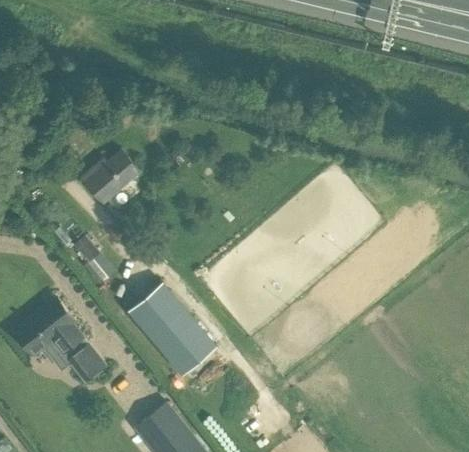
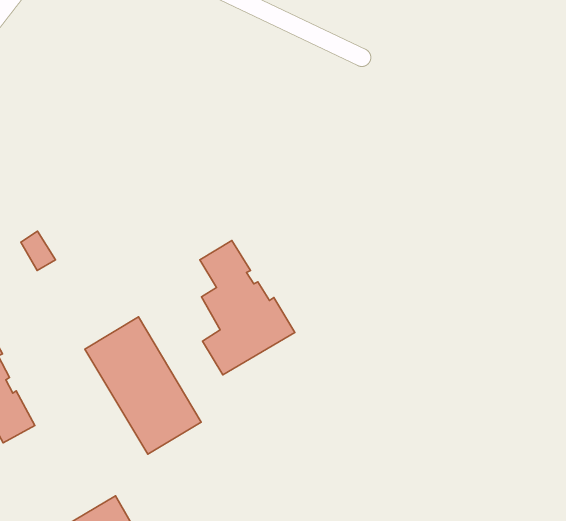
building: [83,151,161,204] -> none
building: none -> [200,241,295,375]

